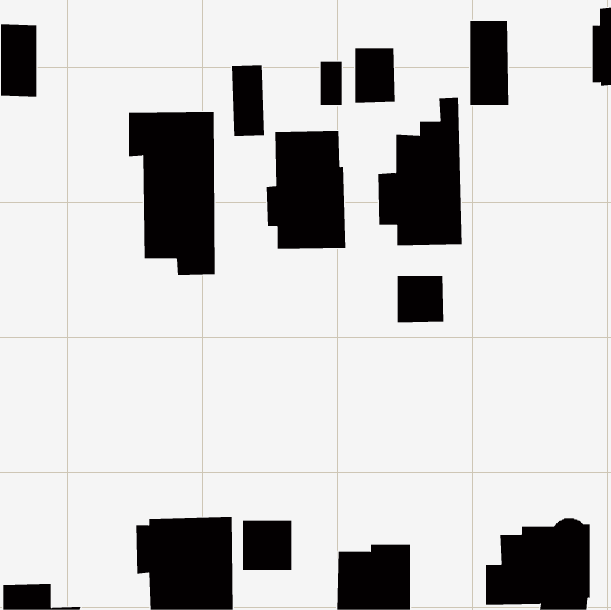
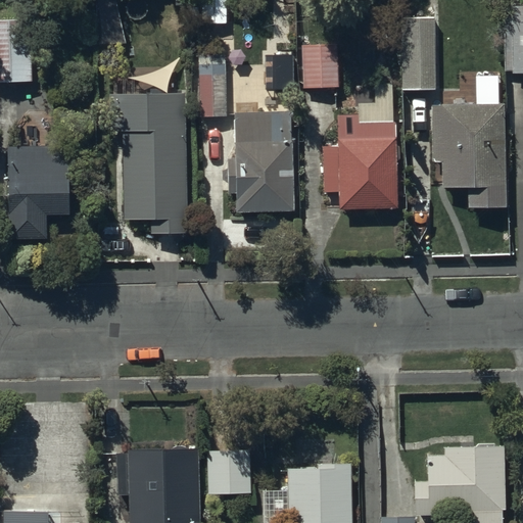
building: none -> [432,106,506,208]
building: none -> [8,147,68,240]
building: [397,275,444,323] -> none

